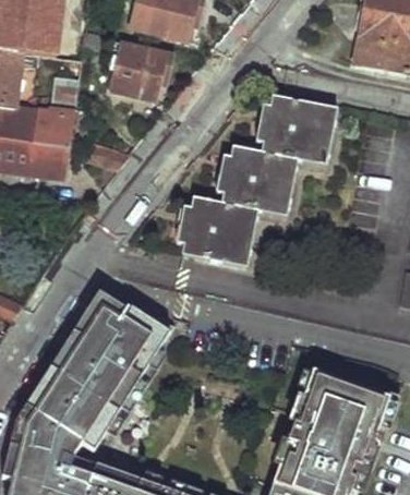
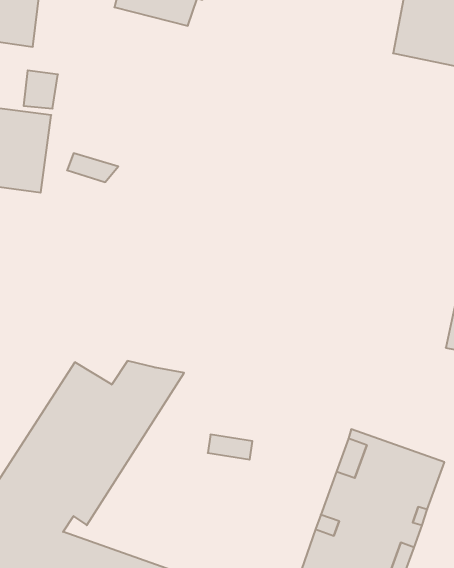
building: [109,43,168,99] -> none
building: [177,95,333,268] -> none
building: [91,293,157,336] -> none

